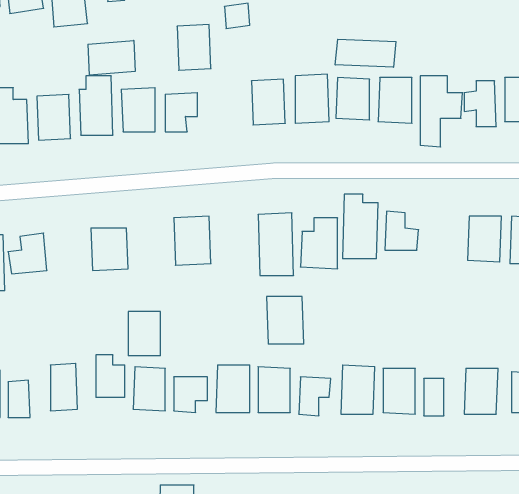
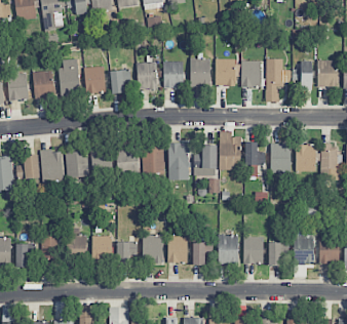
building: [177,25,211,70] -> [138,63,158,90]
building: [335,39,396,67] -> none
building: [88,40,135,75] -> none
building: none -> [271,144,292,173]
building: none -> [42,151,63,184]
building: [267,297,304,344] -> [143,146,165,174]
building: [128,312,160,356] -> [92,149,112,175]

